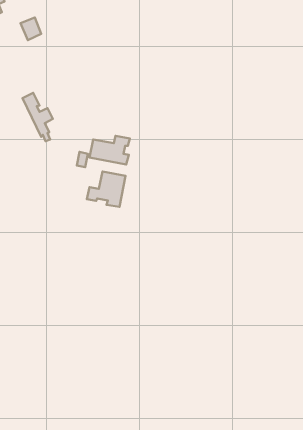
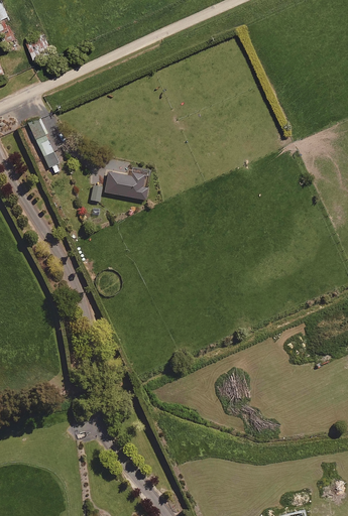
building: [87,171,126,207] -> none

